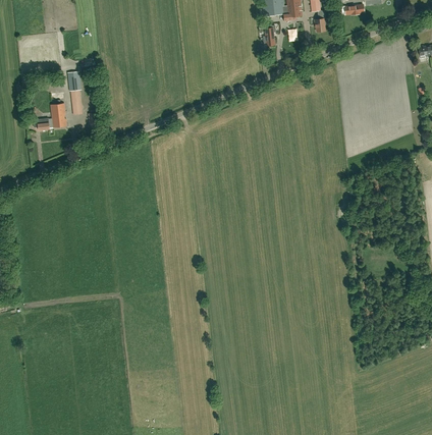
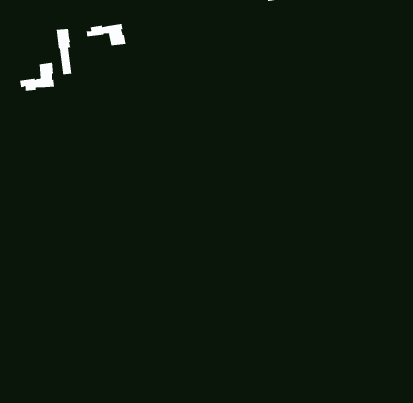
building: none -> [86,23,126,46]

